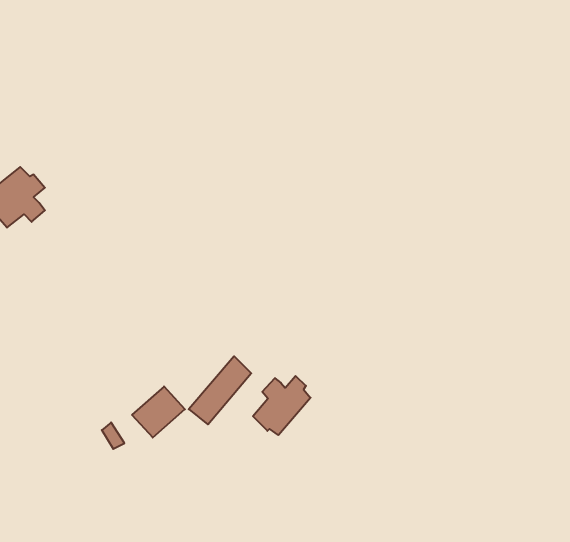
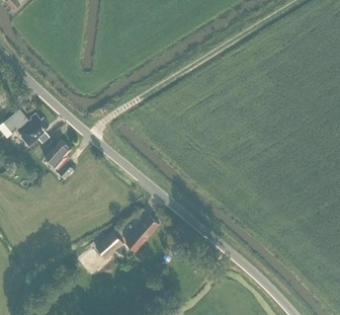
building: none -> [42,140,71,178]
building: [253,376,311,435] -> none

